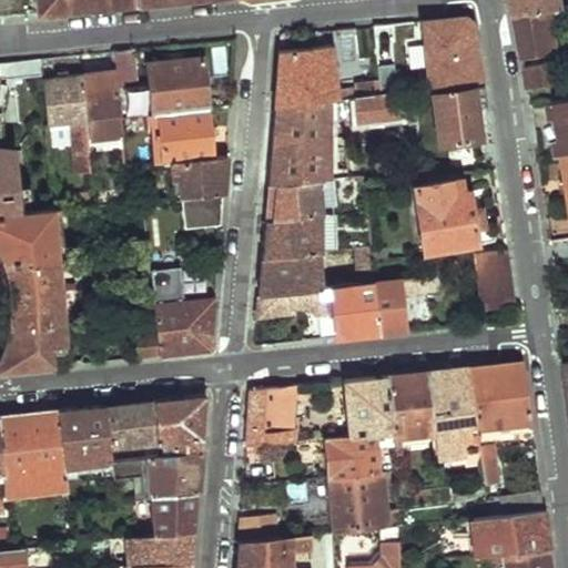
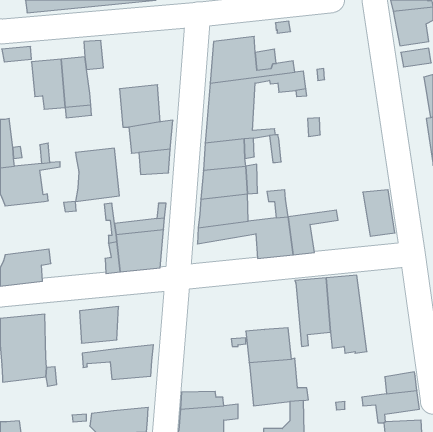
building: [420,18,481,90] -> none
building: [144,62,206,120] -> none
building: [432,89,486,145] -> none
building: [416,183,478,251] -> none
building: [7,265,64,335] -> [75,148,119,202]
building: [467,356,535,485] -> none
building: [342,372,393,433] -> none
building: [247,387,302,449] -> none
building: [152,398,204,458] -> none
building: [59,408,108,469] -> none
building: [146,494,197,539] -> none

